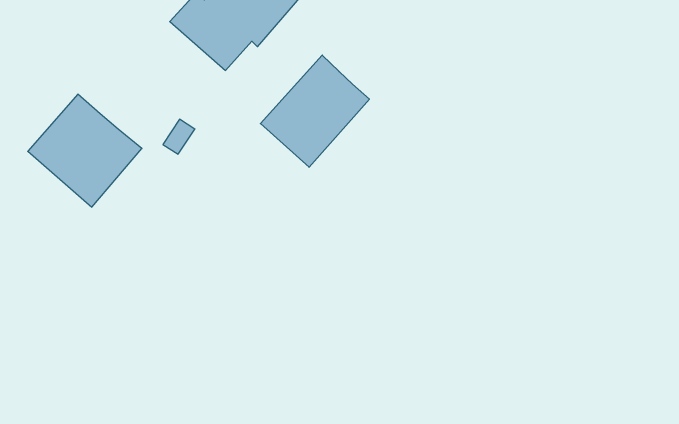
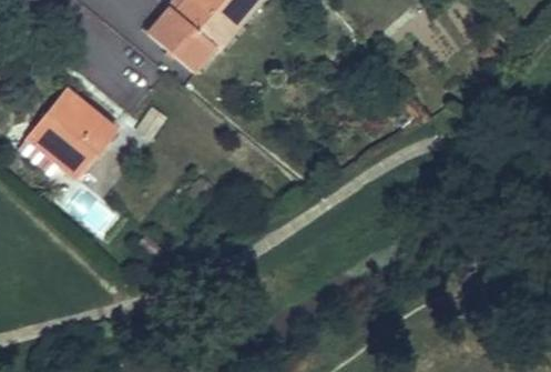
building: [260,55,369,167] -> none

